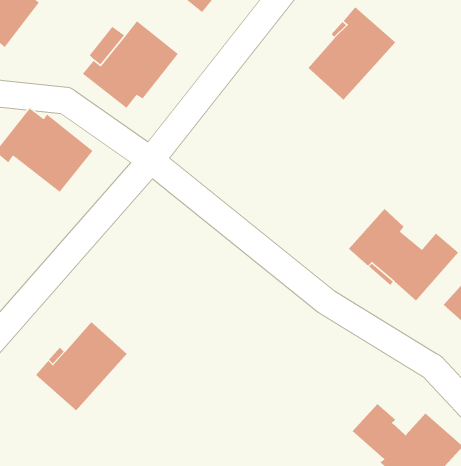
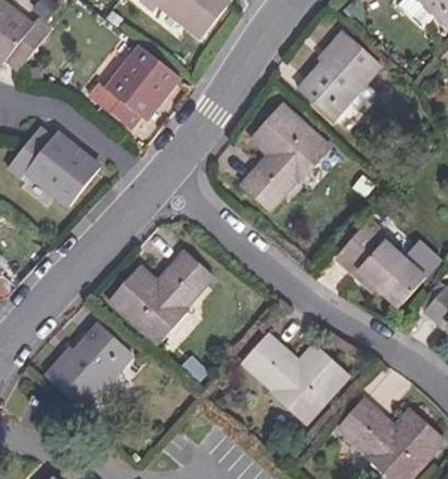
building: none -> [242,103,330,209]
building: none -> [110,252,212,343]
building: none -> [244,333,348,421]

